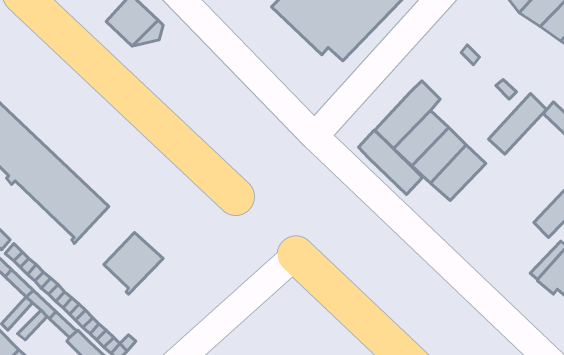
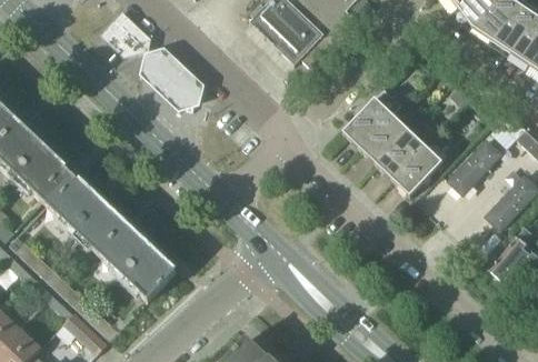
building: none -> [140,49,203,110]
building: [489,94,547,154] -> [448,139,500,193]
building: [358,130,422,195] -> none
building: none -> [71,201,126,253]
building: none -> [120,248,176,300]

